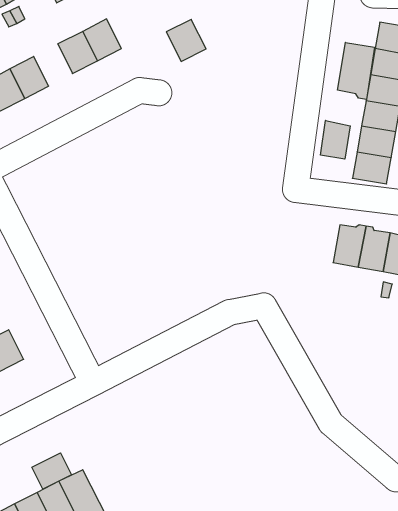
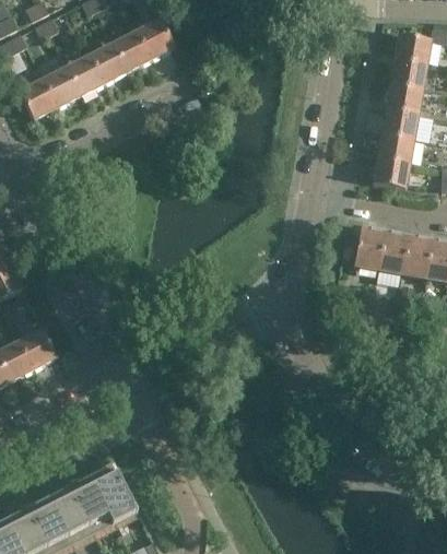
building: [166,19,206,61] -> [136,19,174,59]
building: [338,42,374,100] -> none
building: none -> [66,55,103,95]
building: [321,120,350,159] -> none
building: [32,453,71,489] -> none

